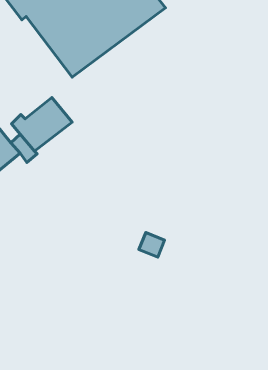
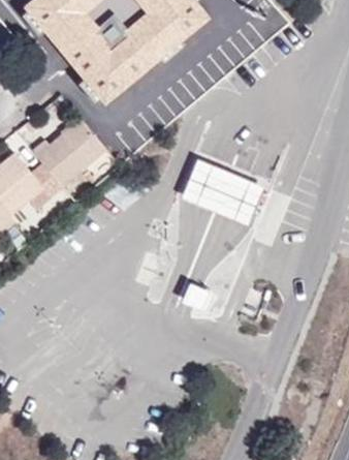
building: none -> [182,163,260,225]

